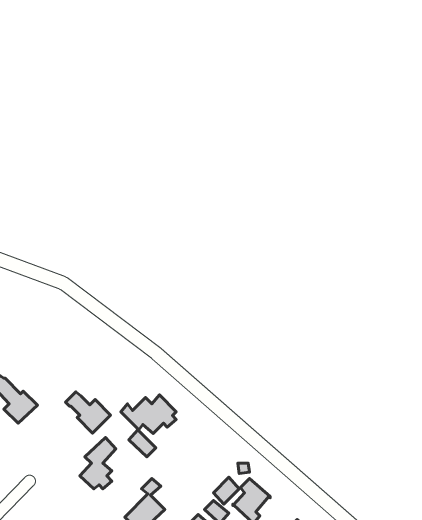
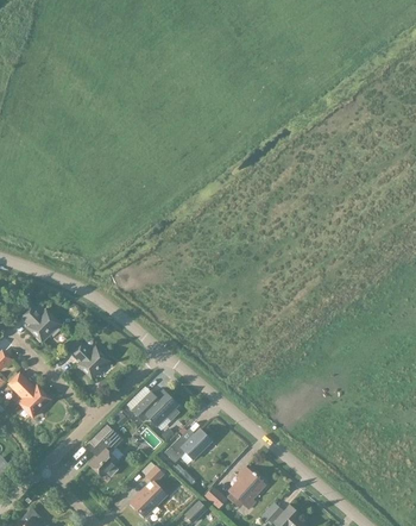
building: none -> [21,305,59,340]
building: [66,392,111,433] -> [68,339,109,377]
building: none -> [165,428,212,462]

